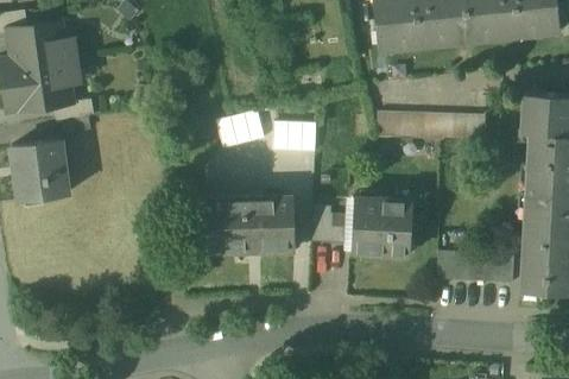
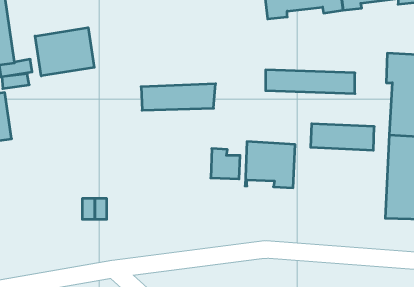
building: none -> [35,28,94,76]
building: [198,197,296,252] -> none
building: [437,251,514,283] -> [311,124,374,150]

